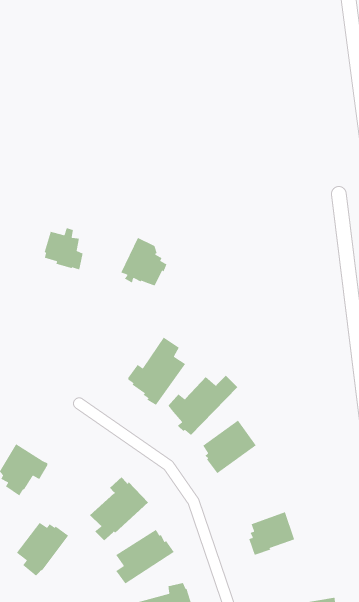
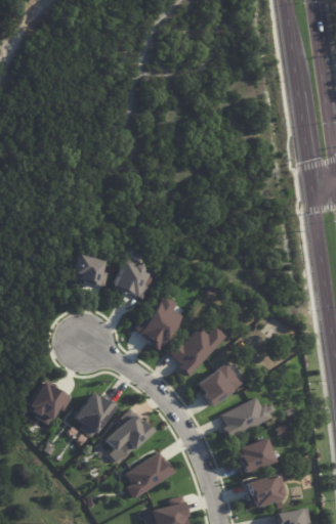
building: [44,227,84,271] -> [77,252,110,288]
building: [120,237,167,286] -> [115,257,154,298]
building: none -> [220,397,276,438]
building: [16,522,69,576] -> [74,393,118,438]
building: none -> [247,474,284,508]

